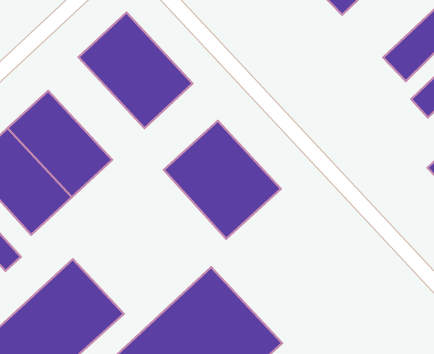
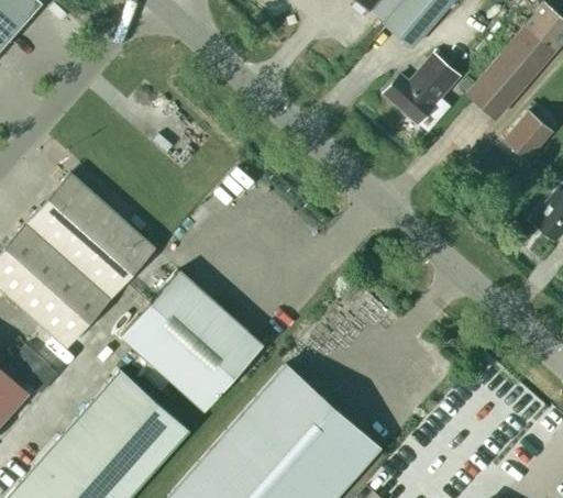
building: [79,12,192,128] -> none
building: none -> [384,56,459,124]
building: [164,121,281,239] -> [122,272,264,411]

